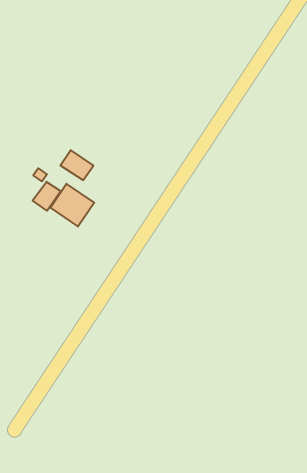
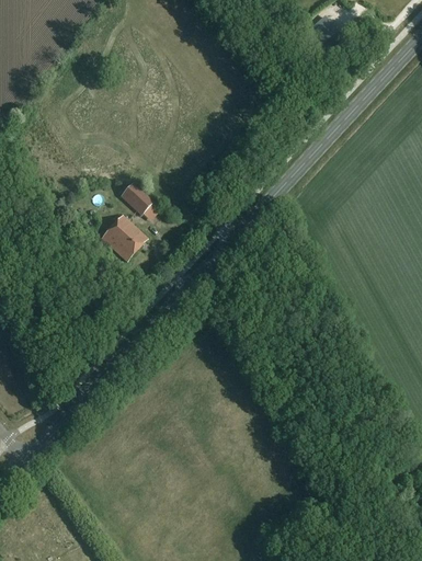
building: [33,182,61,211] -> none

